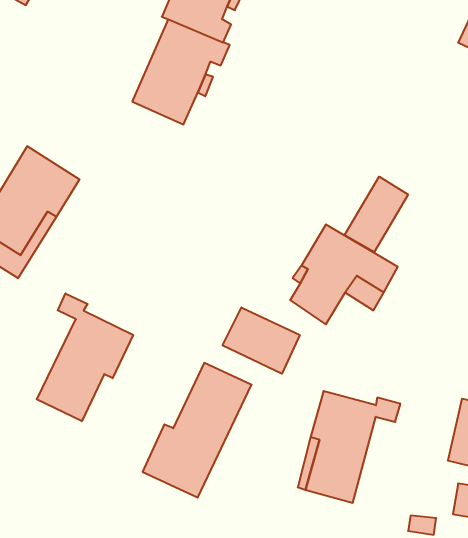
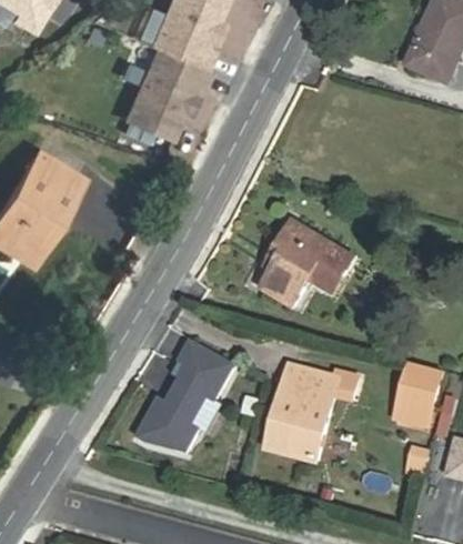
building: [344,177,408,252] -> none
building: [37,293,133,421] -> none
building: [223,307,300,374] -> none

